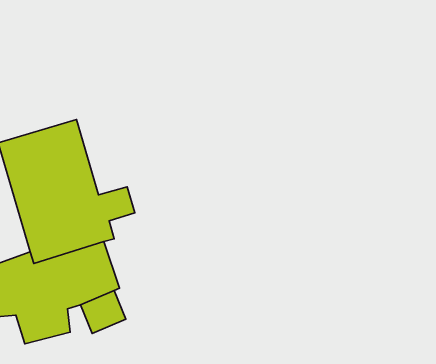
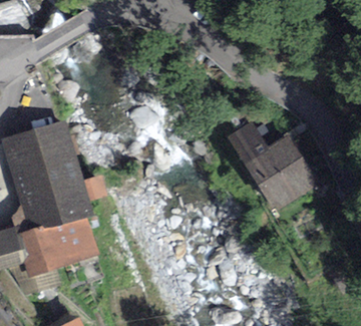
building: none -> [228,119,316,207]

